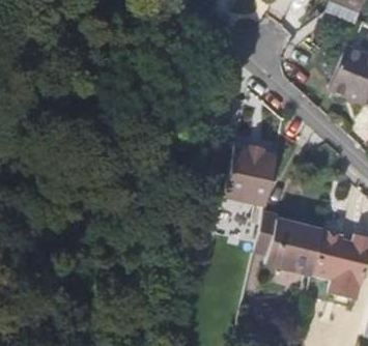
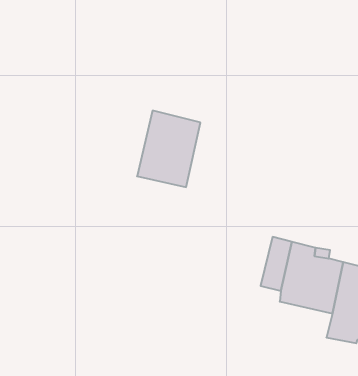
building: [220,140,275,206] -> [137,111,200,187]

